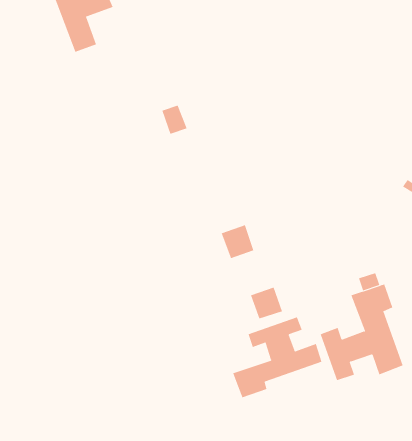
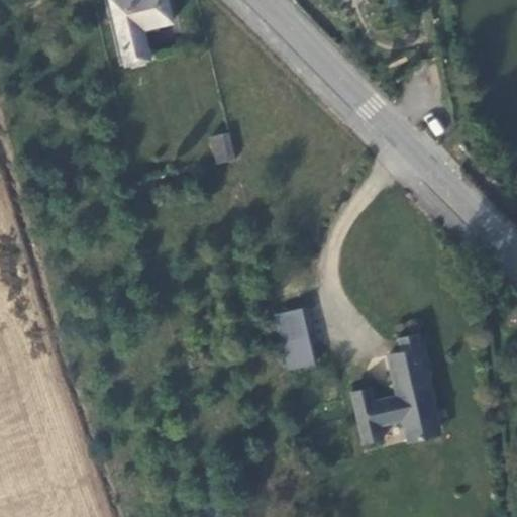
building: [221,225,254,259] -> [276,308,309,342]
building: [233,316,322,398] -> none

